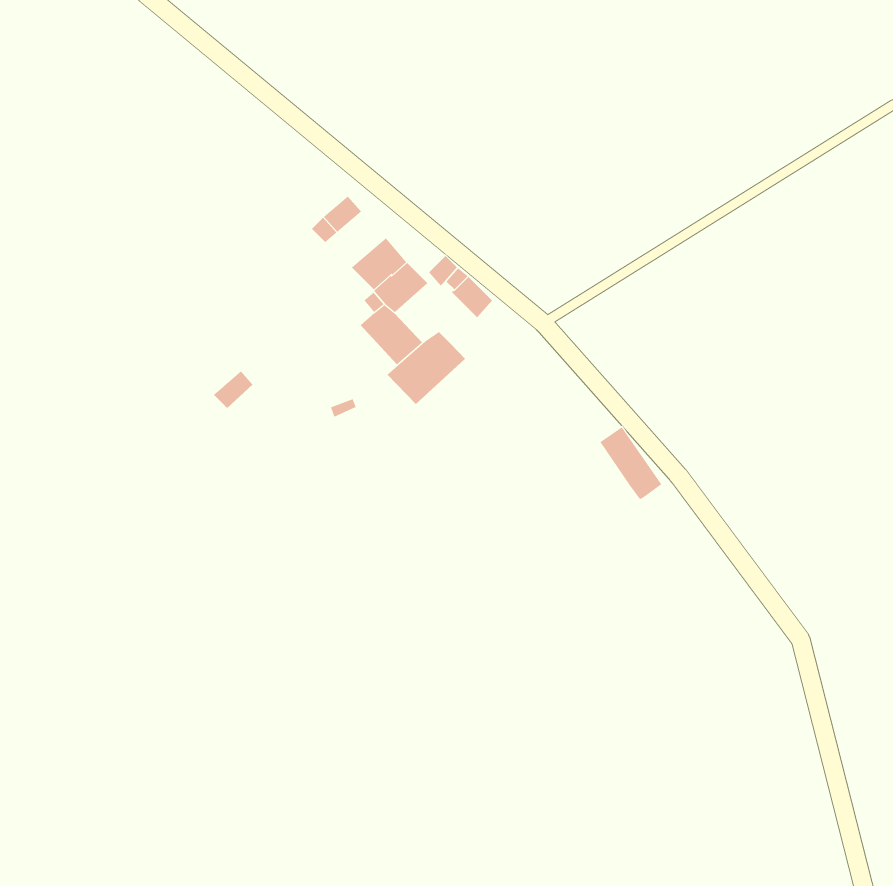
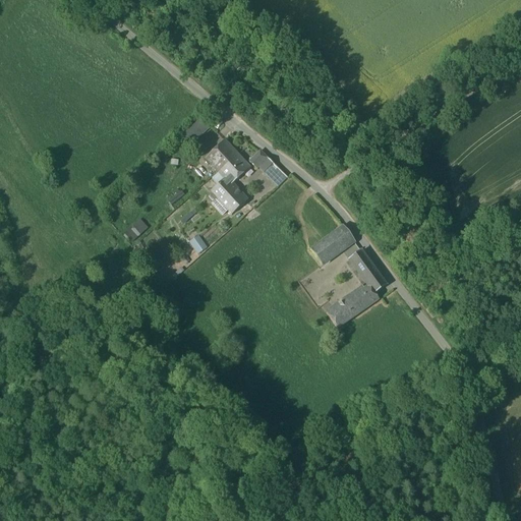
building: [387,331,466,405] -> none
building: none -> [310,225,353,264]
building: none -> [326,283,379,326]

